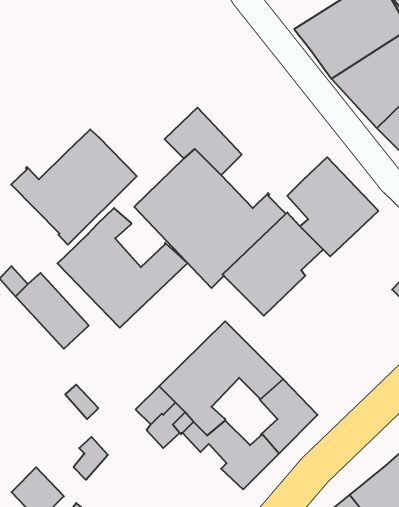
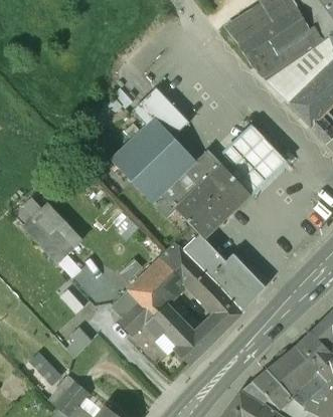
building: [11,129,137,245] -> none
building: [57,208,188,328] -> none
building: none -> [183,233,266,310]

